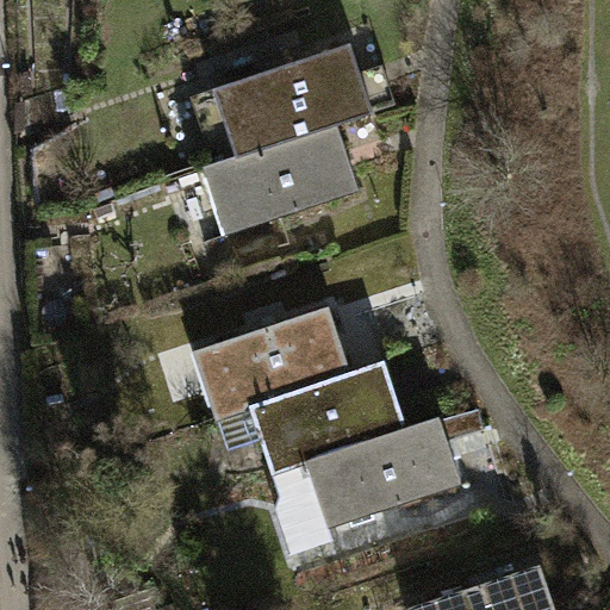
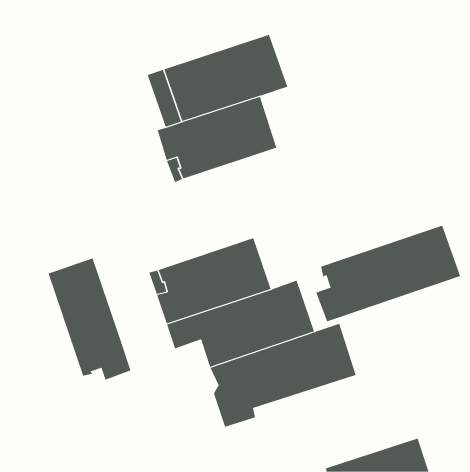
building: none -> [316,225,461,322]
building: none -> [48,258,131,381]

